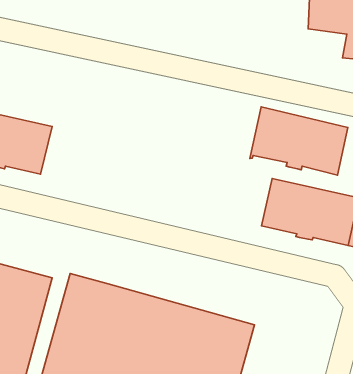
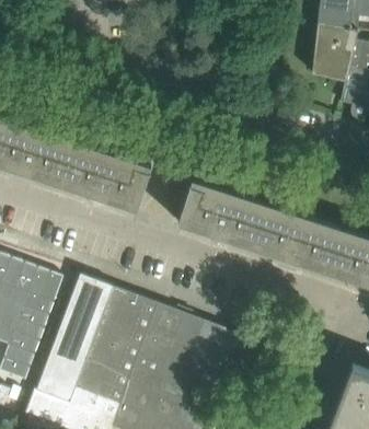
building: [250,107,348,175] -> [176,183,266,250]
building: none -> [60,144,150,213]

